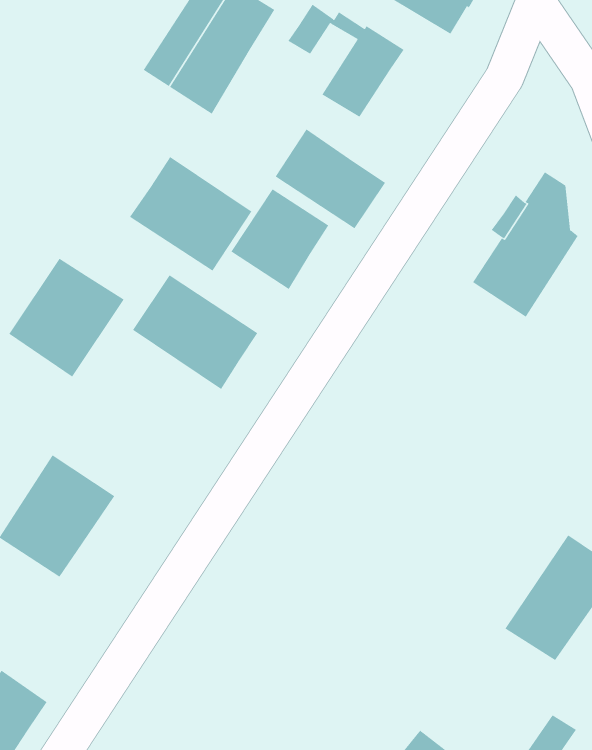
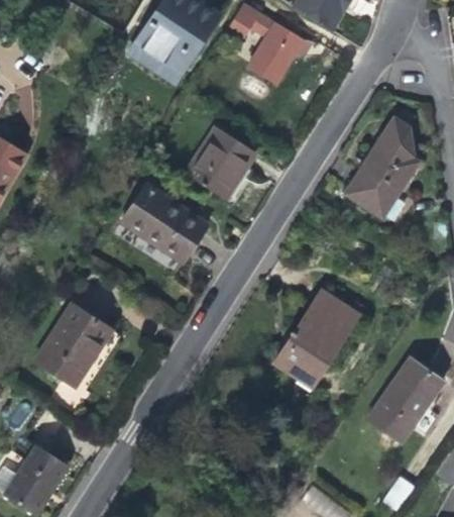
building: [275,128,386,229] -> none
building: [129,156,252,271] -> none
building: [8,258,125,378] -> none
building: none -> [274,290,357,385]

